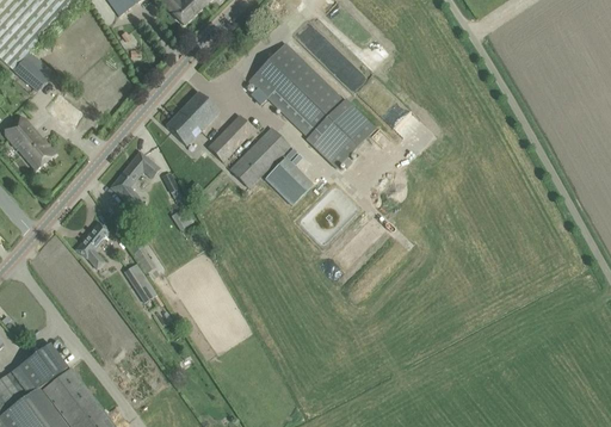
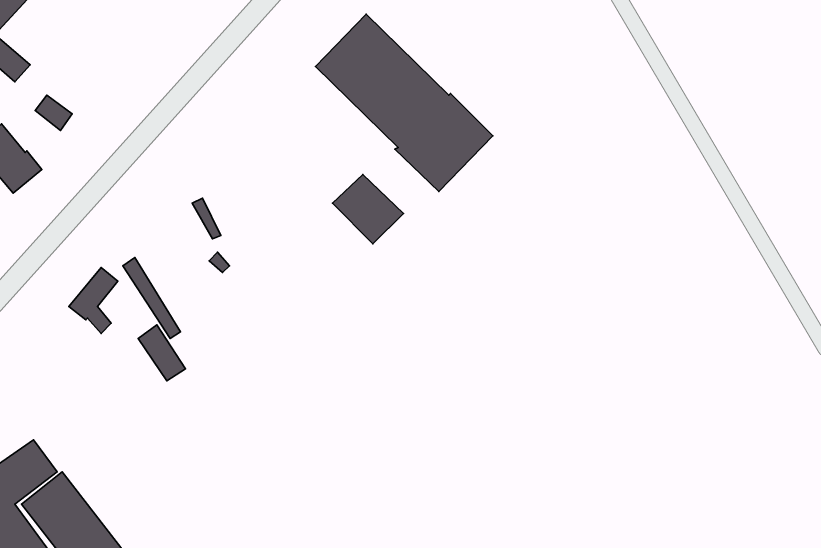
building: [165,92,220,146] -> none
building: [208,115,254,161] -> none
building: [228,126,290,188] -> none
building: [110,151,160,213] -> none

